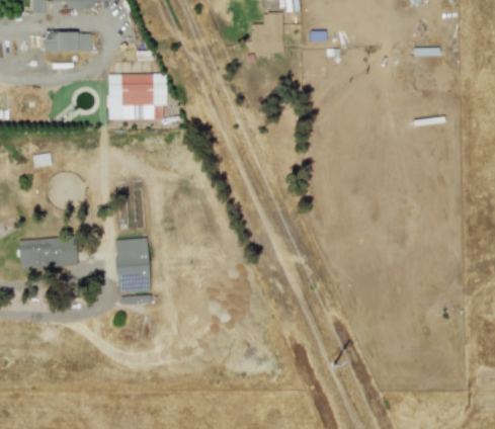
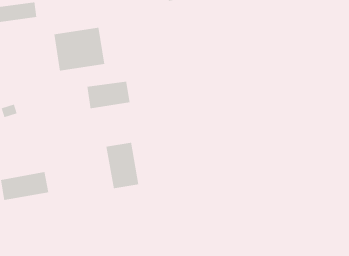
building: none -> [87,81,130,109]
building: [115,238,150,291] -> [106,142,139,189]

